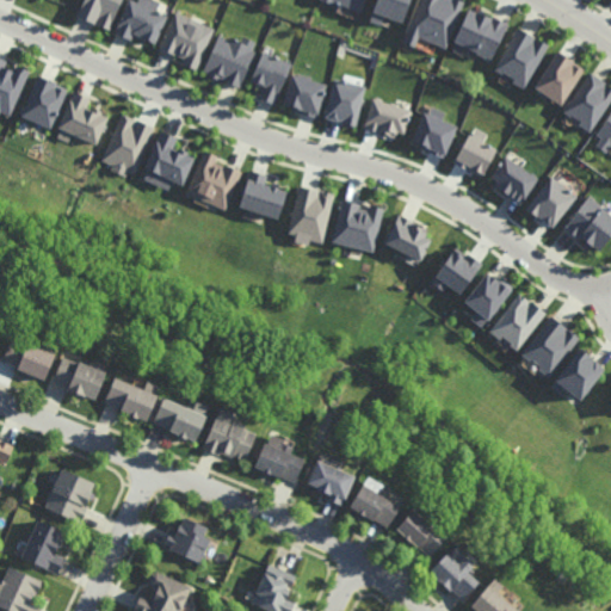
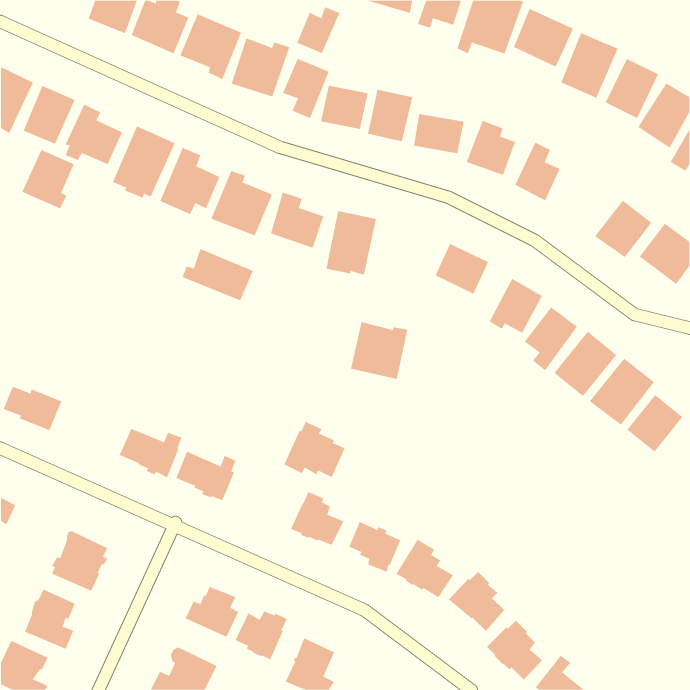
building: none -> [297,6,340,54]
building: none -> [21,149,75,209]
building: [488,158,537,202] -> none
building: [332,200,383,252] -> [350,321,408,379]
building: none -> [182,248,253,301]
building: [54,357,106,400] -> none
building: [203,411,258,461] -> [283,421,346,478]
building: none -> [235,610,287,660]

